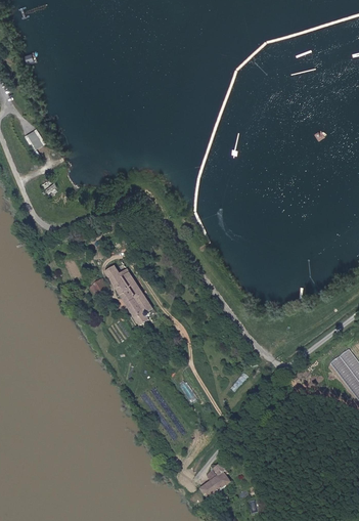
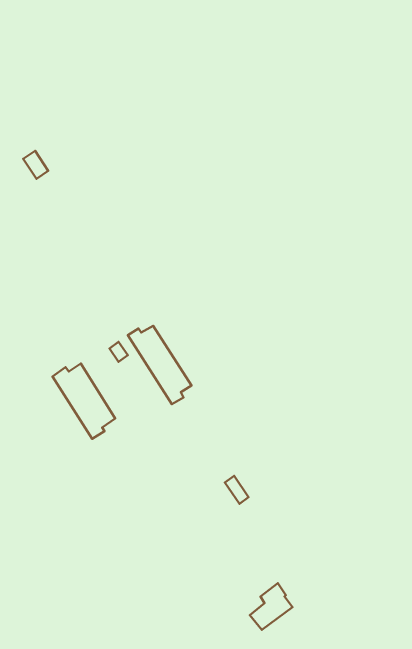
building: none -> [52,364,115,439]

